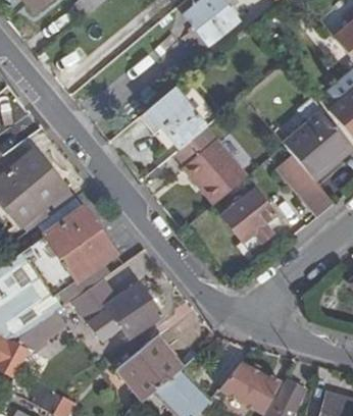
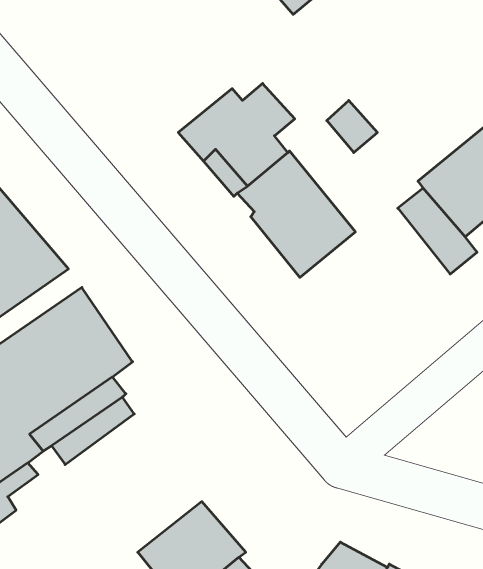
building: [222,188,276,242] -> none
building: [88,283,162,342] -> none

